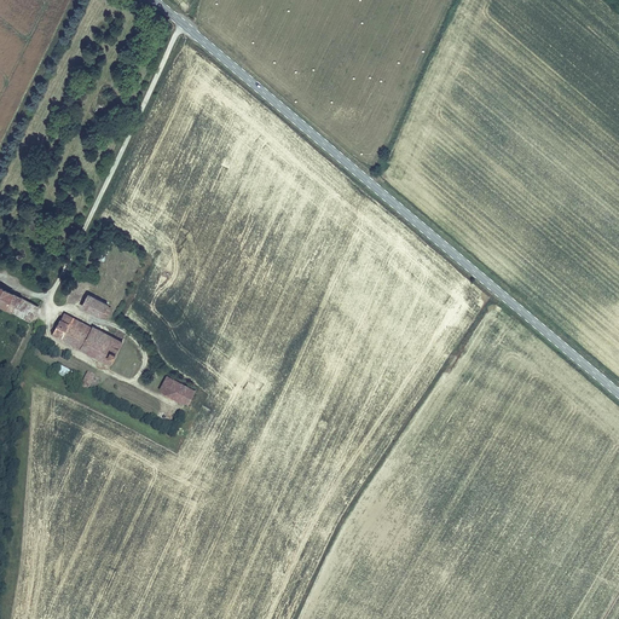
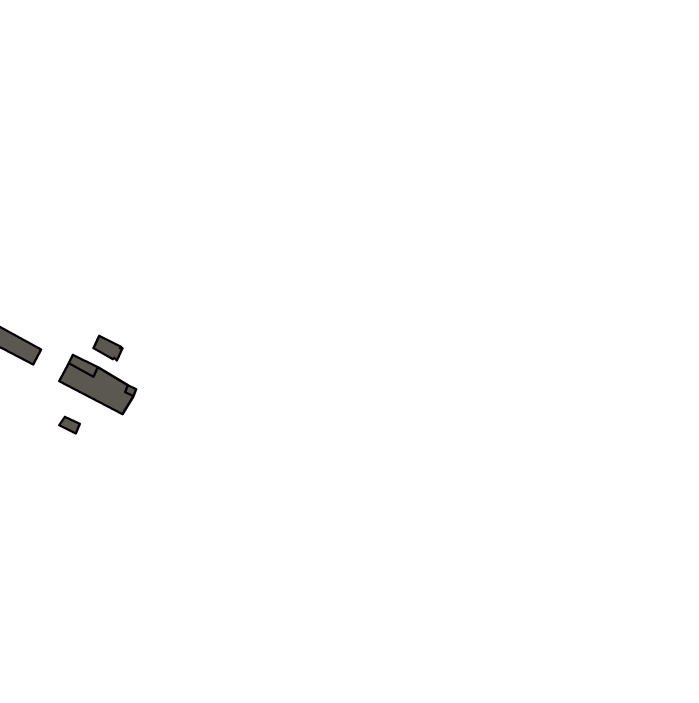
building: [156,375,192,406] -> none

